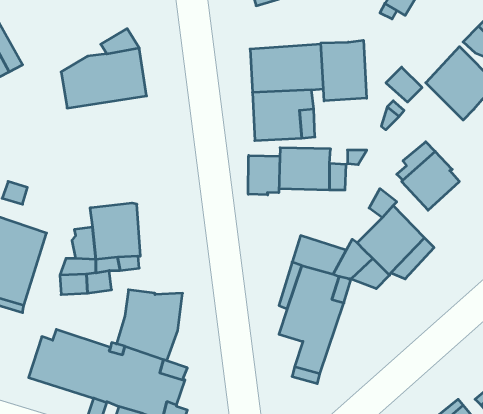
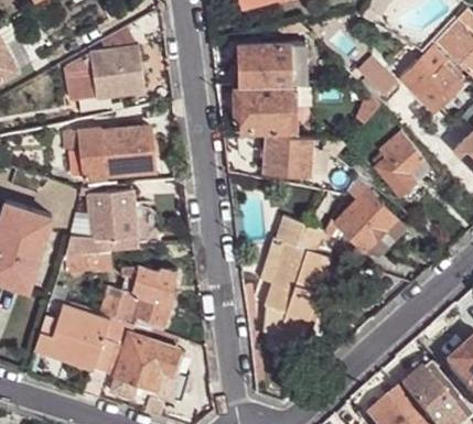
building: [321,40,367,101] -> none
building: none -> [62,127,152,182]
building: [248,155,280,195] -> none

